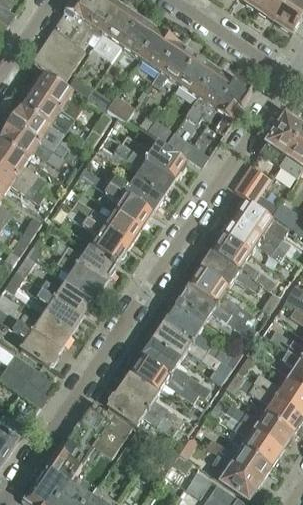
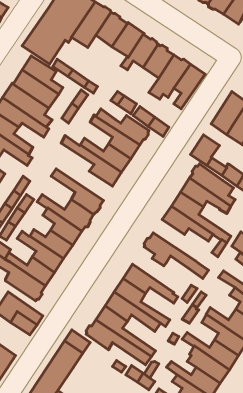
building: [73,199,141,245] -> none
building: [190,268,250,321] -> none
building: [165,301,220,356] -> none
building: [94,416,131,457] -> none

